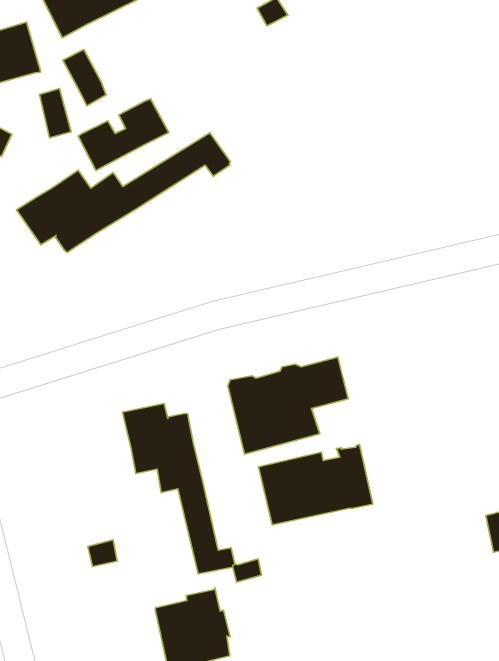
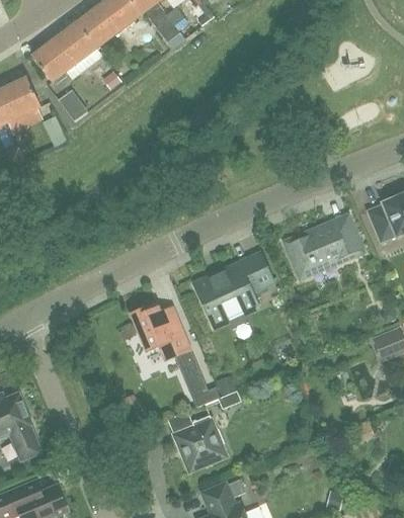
building: [78,99,169,171] -> none
building: [16,133,231,252] -> none
building: [258,445,373,525] -> [285,215,361,276]

